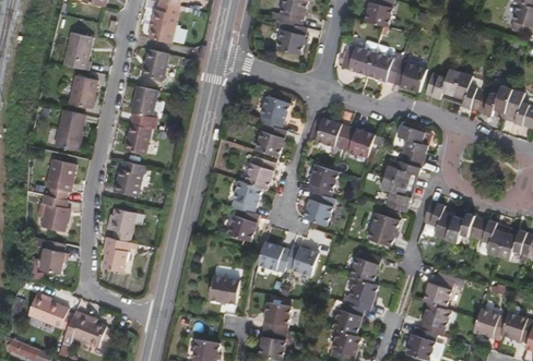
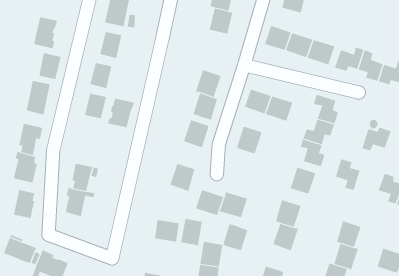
building: [114,159,146,195] -> [107,98,134,128]
building: [230,180,262,213] -> none
building: [305,191,335,224] -> none
building: [449,214,485,243] -> [362,127,392,151]
building: none -> [181,218,202,247]
building: [337,303,368,336] -> [223,224,248,251]

